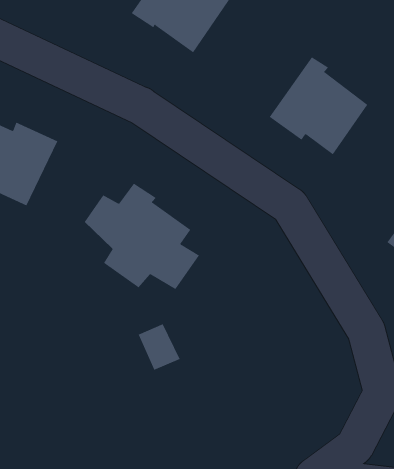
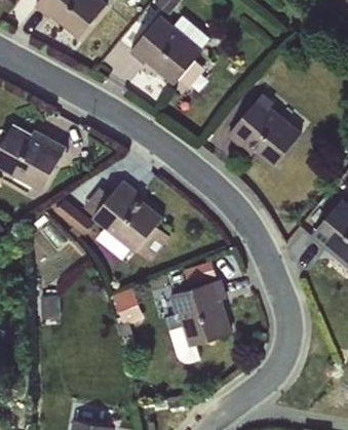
building: none -> [165,278,233,362]

